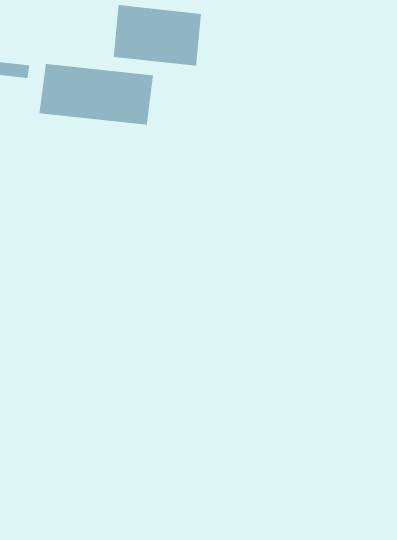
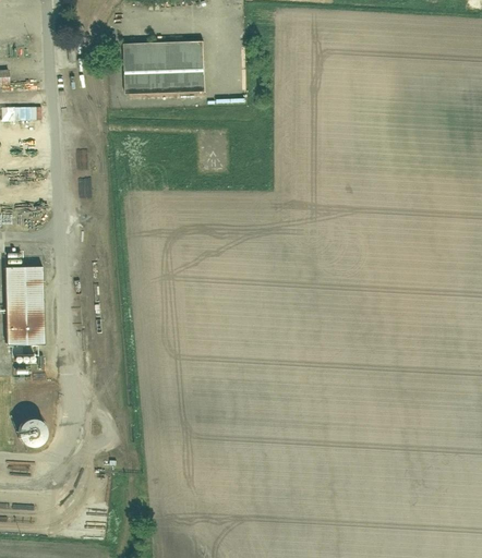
building: [38,63,154,126] -> none

